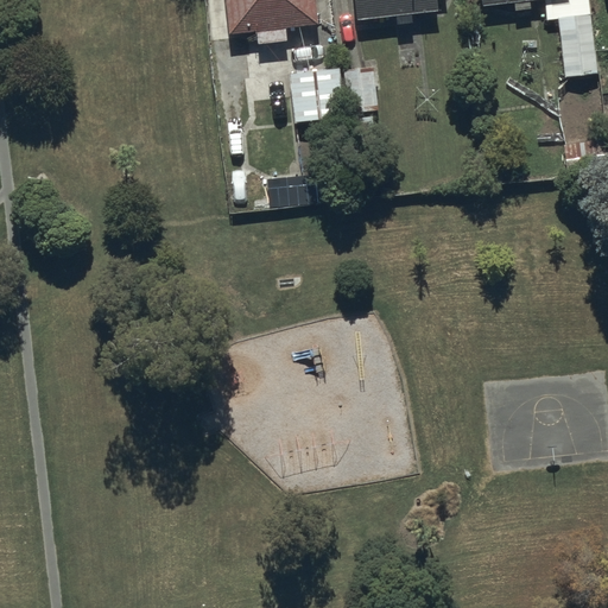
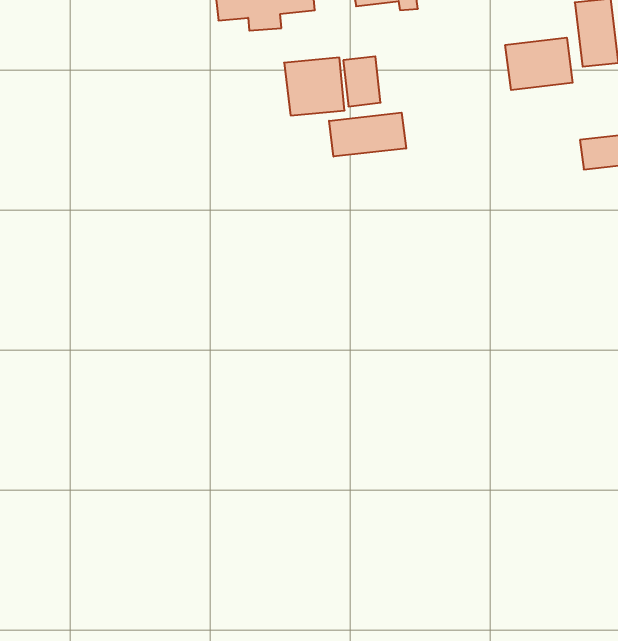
building: none -> [505,38,573,90]
building: none -> [329,113,406,157]

